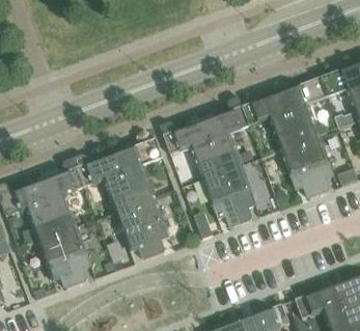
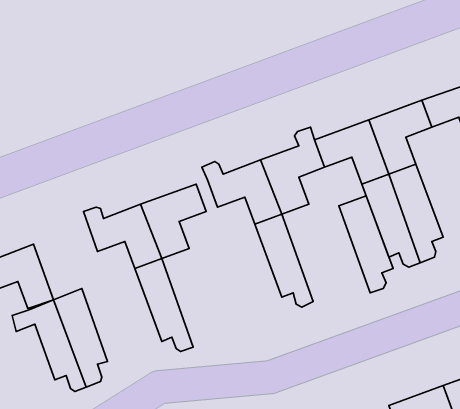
building: [218,153,257,223] -> [339,196,393,293]
building: [37,158,84,222] -> none
building: [131,185,170,256] -> none

